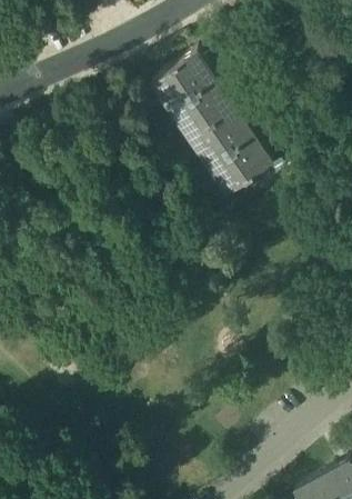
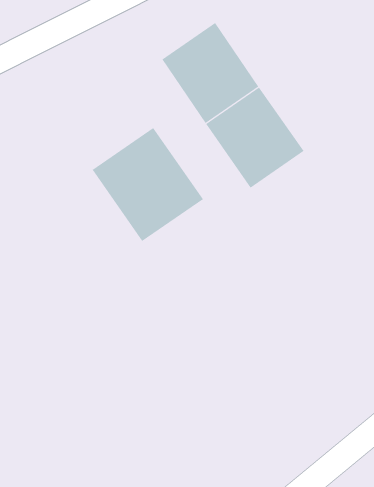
building: none -> [92,127,204,242]

